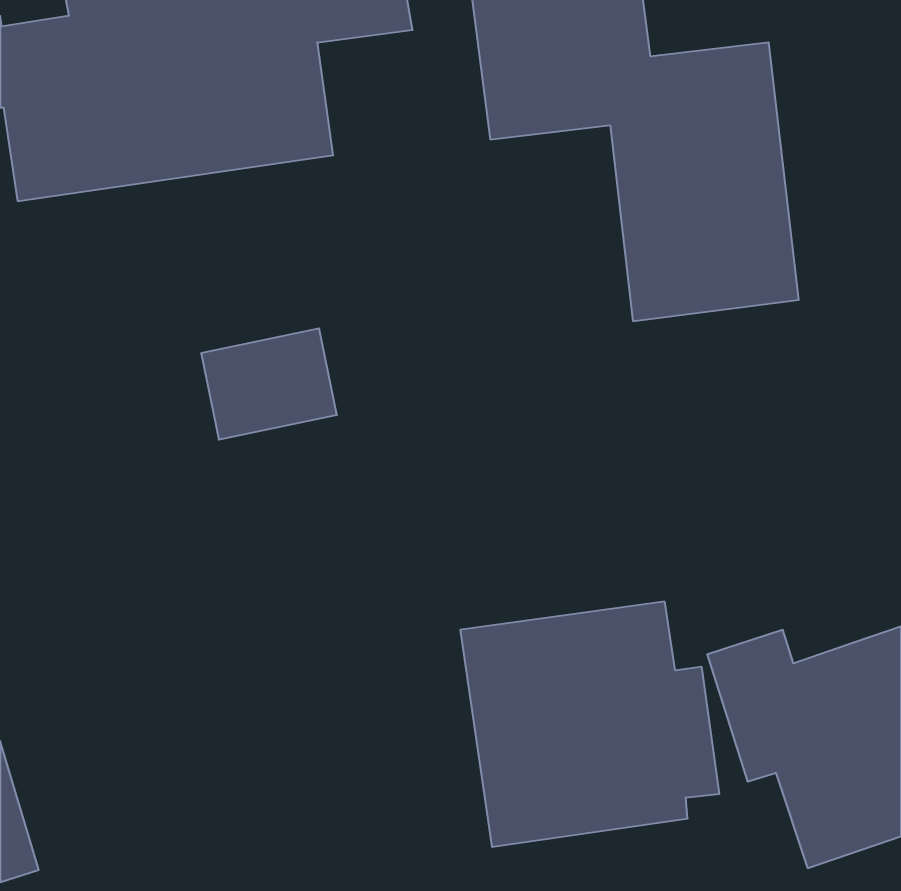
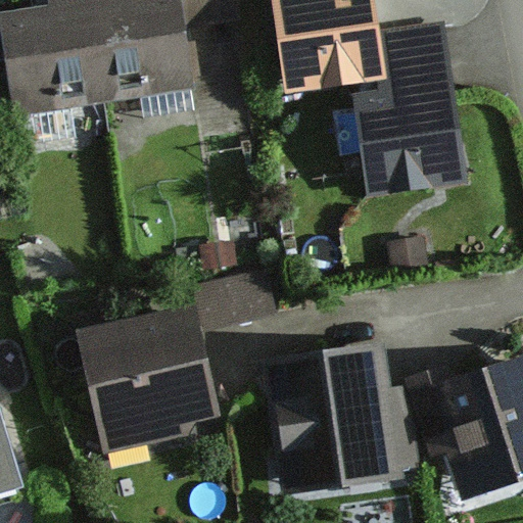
building: [201,328,337,440] -> [196,266,275,330]
building: none -> [77,307,216,447]

